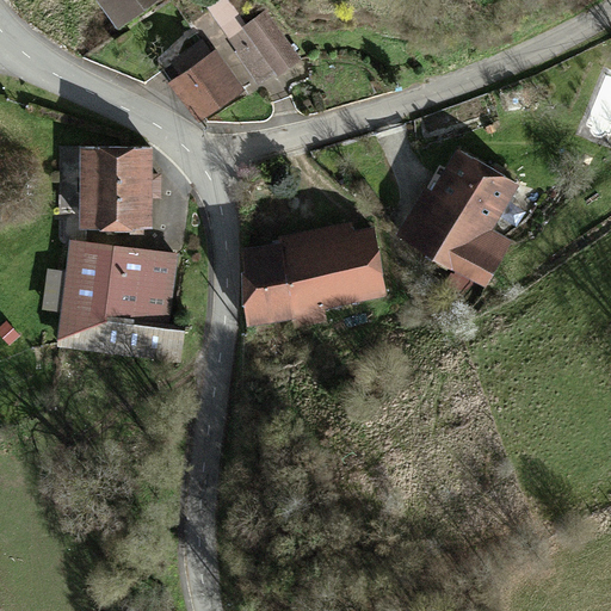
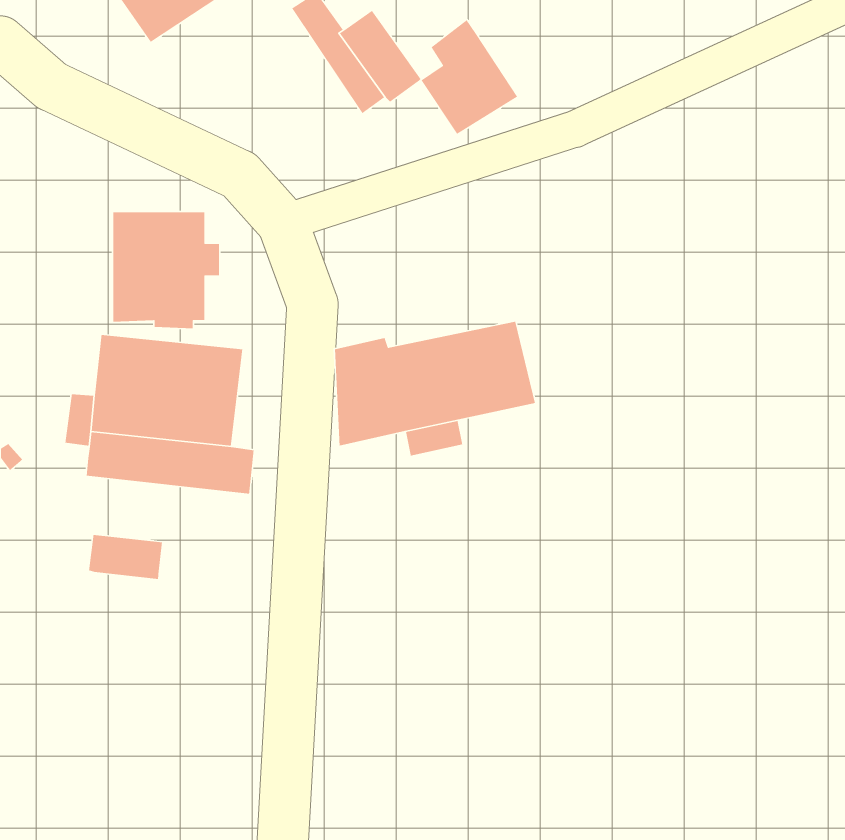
building: [175,35,246,118] -> [421,19,518,135]
building: [401,147,514,290] -> none
building: none -> [88,534,163,580]

